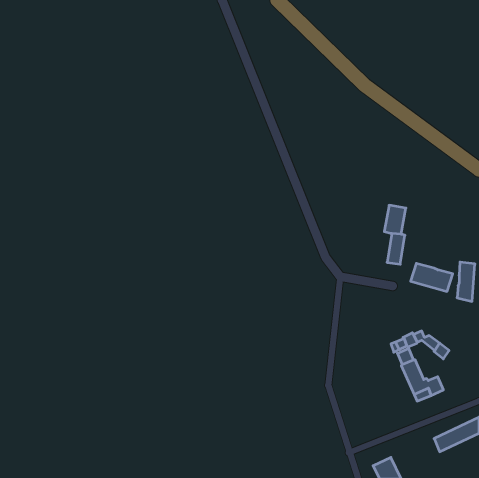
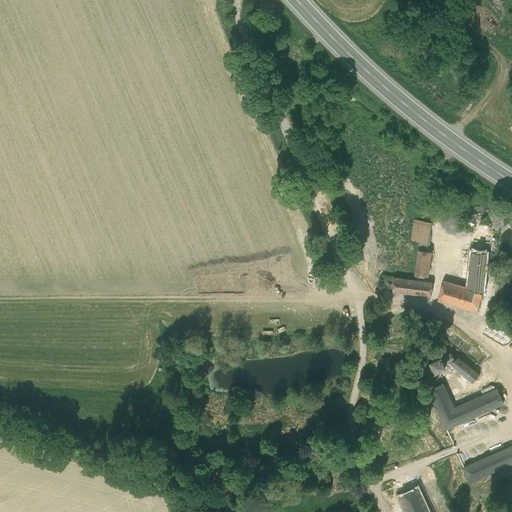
building: none -> [392,279,433,297]
building: [457,262,475,301] -> [467,251,486,293]
building: none -> [467,387,503,417]

